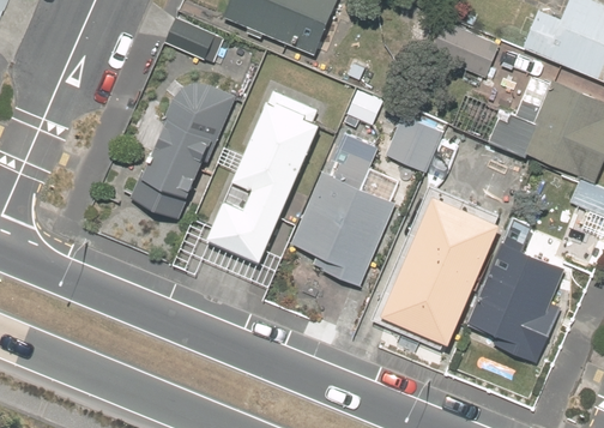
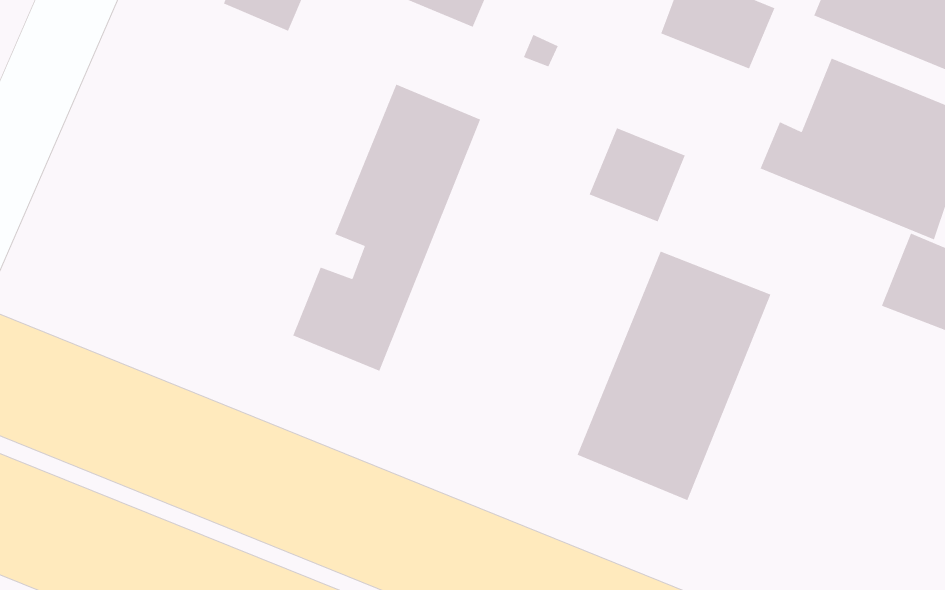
building: [133,86,235,218] -> none
building: [294,146,394,287] -> none
building: [469,242,561,363] -> none

